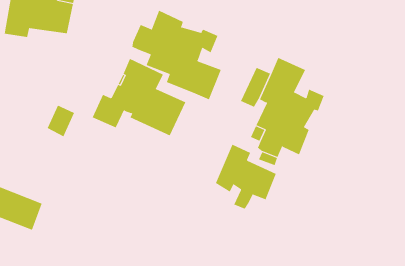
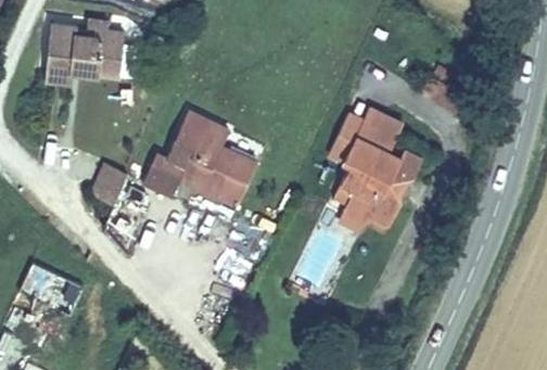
building: [132,10,222,100] -> none
building: [215,144,276,209] -> none

